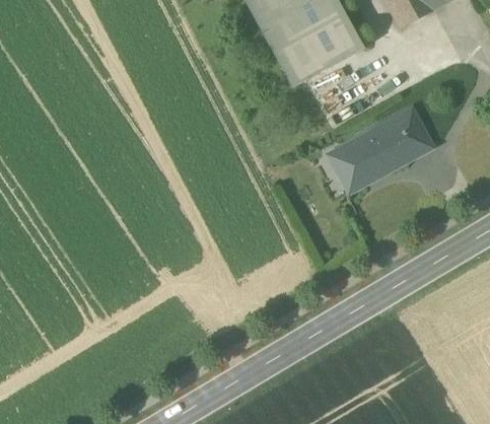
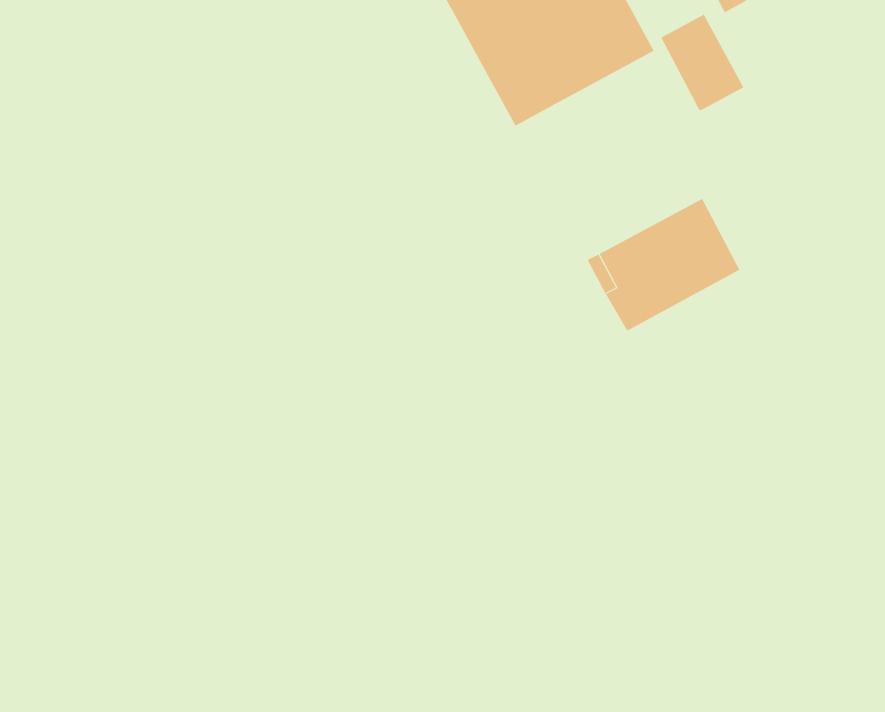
building: [388,109,430,158] -> [660,14,744,111]

